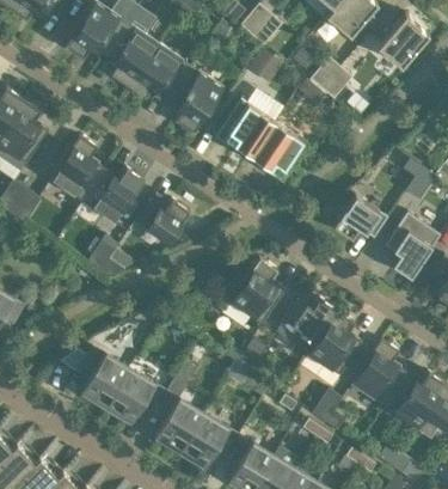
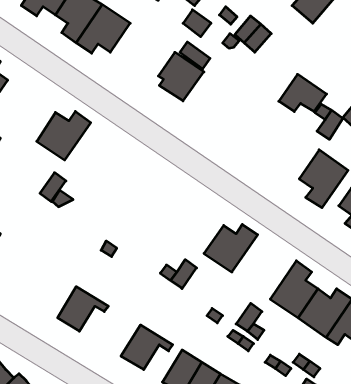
building: [167,66,222,132] -> none
building: [251,122,308,175] -> none
building: [50,136,104,202] -> none
building: [333,195,388,238] -> [279,74,327,112]
building: [135,198,190,243] -> none
building: [229,257,286,324] -> none
building: [307,310,362,375] -> none
building: [76,347,128,405] -> none
building: [154,377,202,450] -> none

